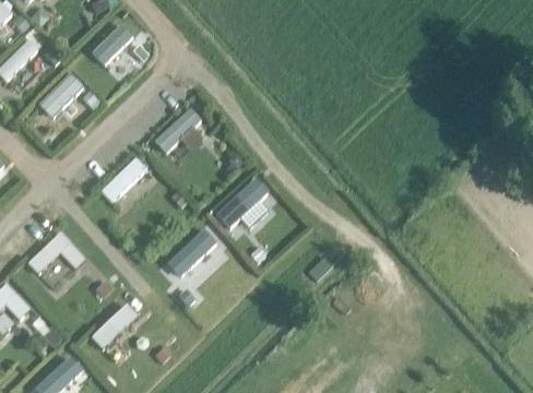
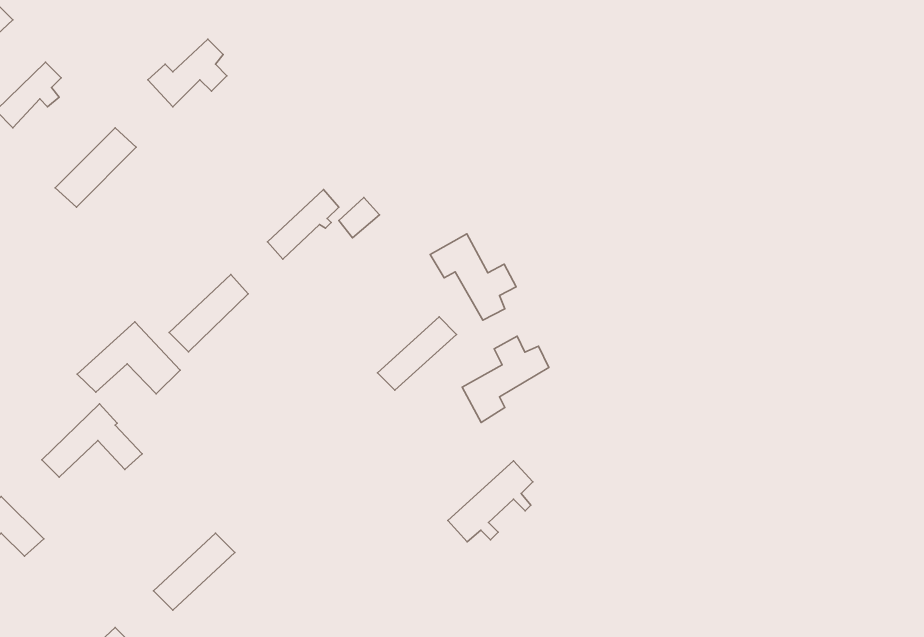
building: none -> [430,234,516,320]
building: none -> [77,322,180,394]
building: none -> [462,336,549,422]
building: [166,228,214,274] -> [448,461,533,542]

